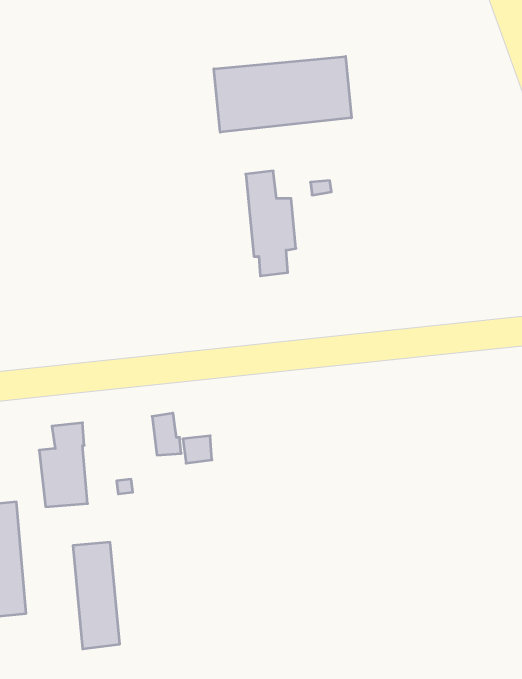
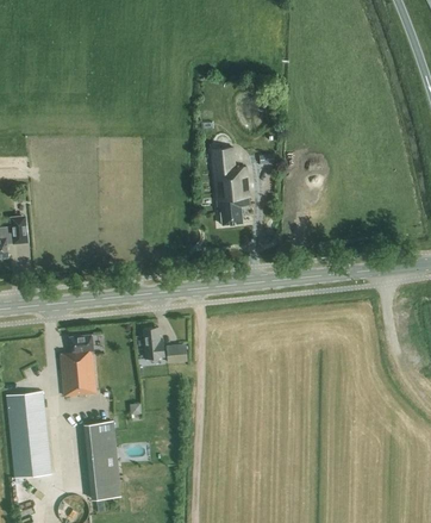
building: [214,56,351,132] -> none

